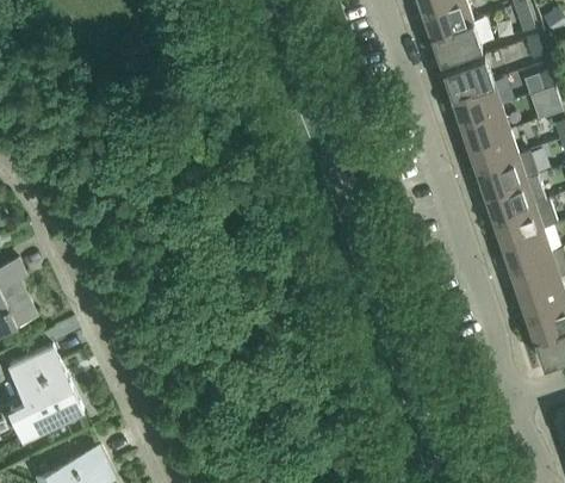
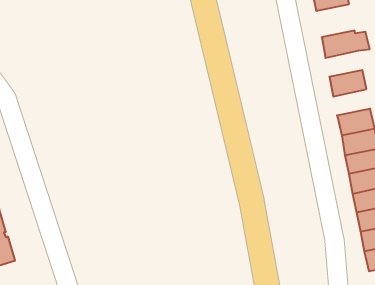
building: [430,23,482,62] -> none
building: [451,81,501,120] -> none
building: [467,130,517,169] -> none

